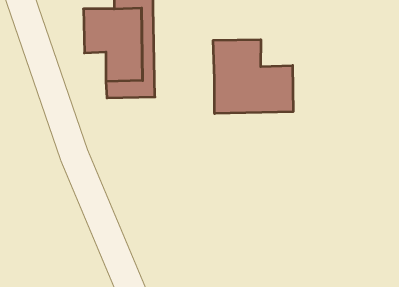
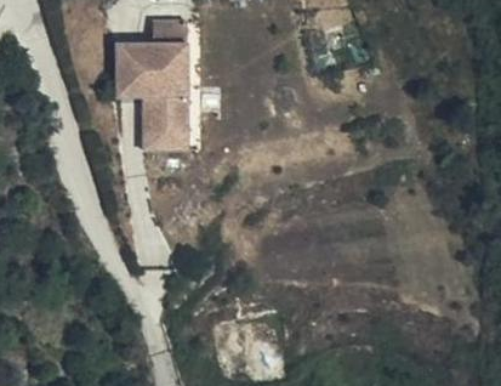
building: [213,40,293,114] -> none

